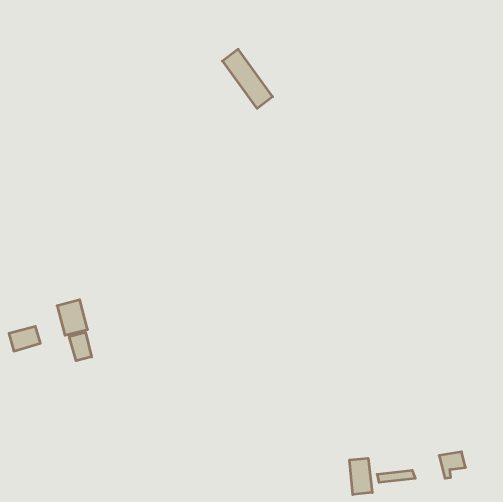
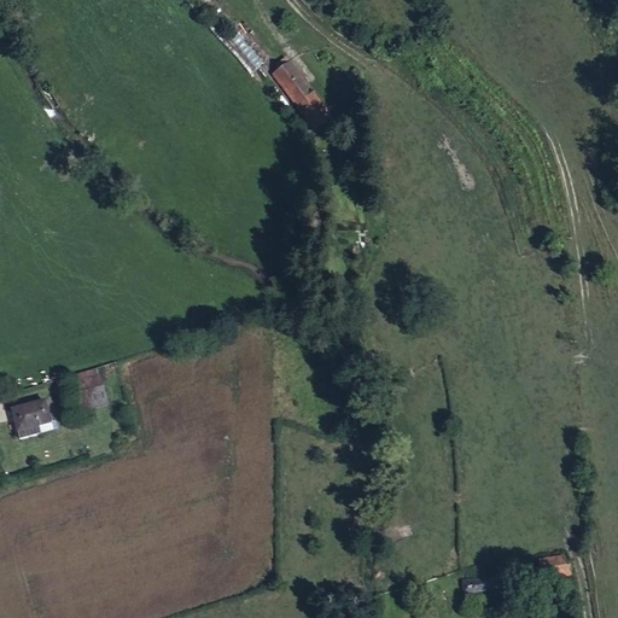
building: [69,332,92,361] -> none
building: [350,458,372,495] -> none

